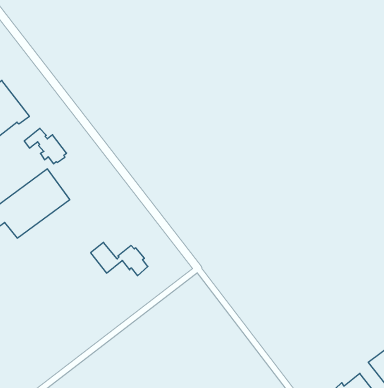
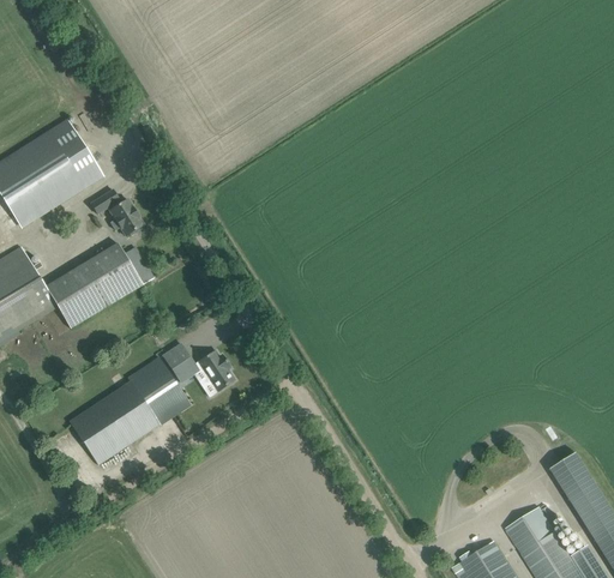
building: none -> [70,357,191,464]

